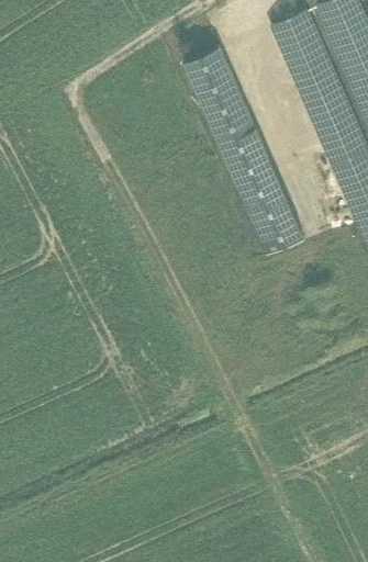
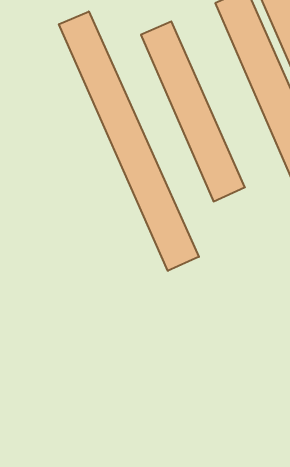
building: none -> [59,11,199,271]

